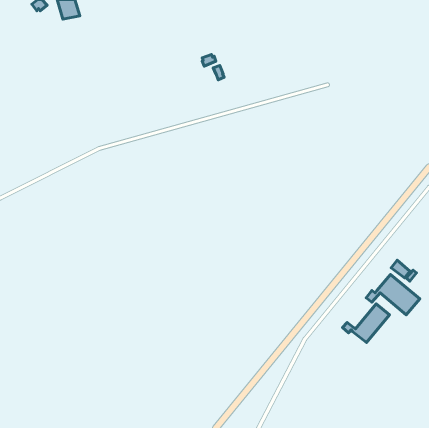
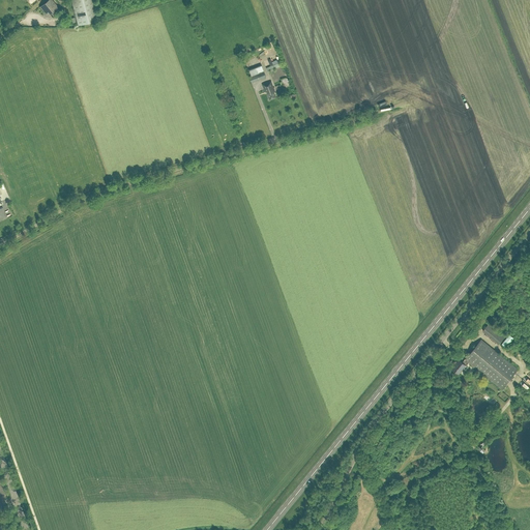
building: [343,304,390,343] -> none

